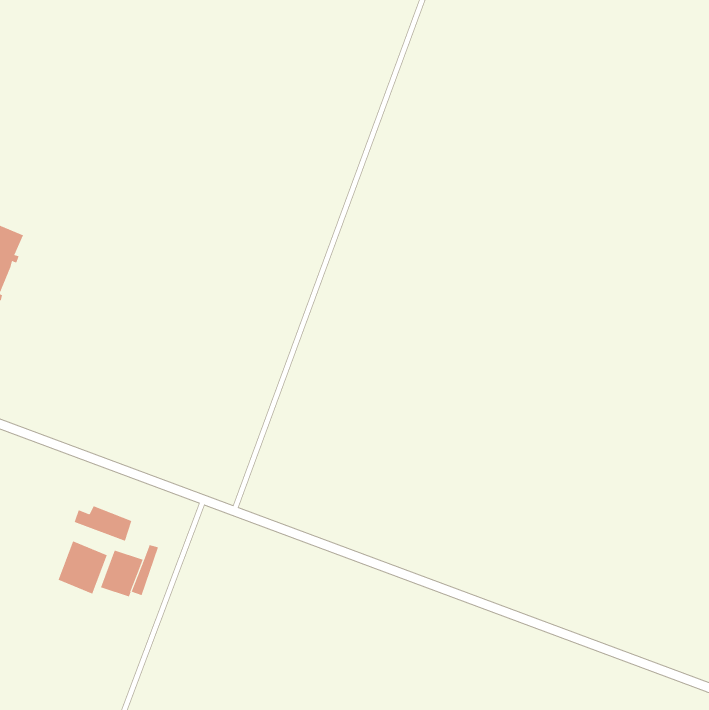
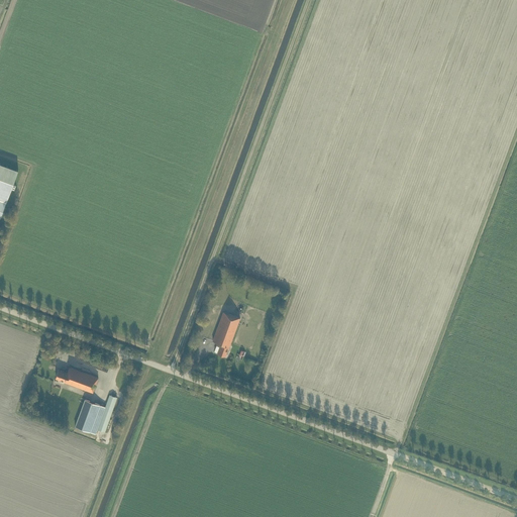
building: none -> [211,313,238,357]
building: [58,541,108,595] -> none

